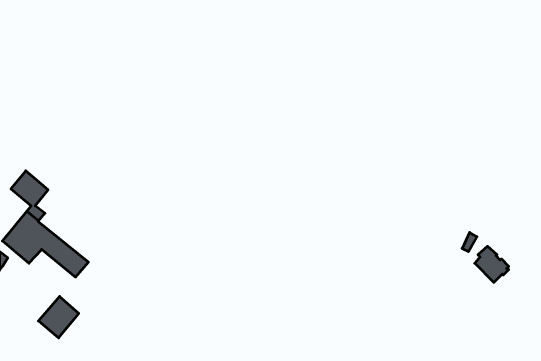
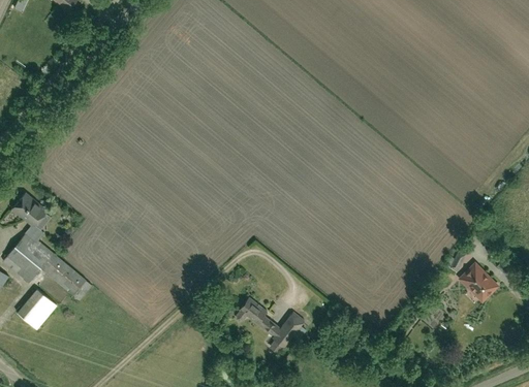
building: none -> [236,297,305,353]
building: [38,296,79,338] -> [17,289,56,329]

